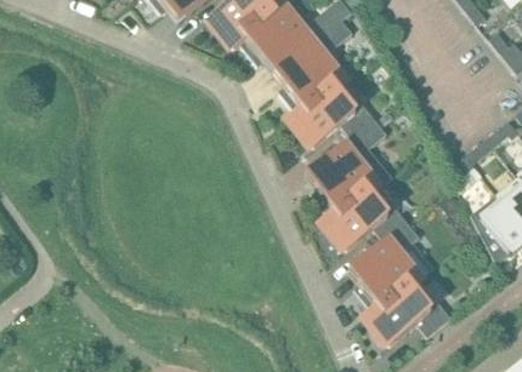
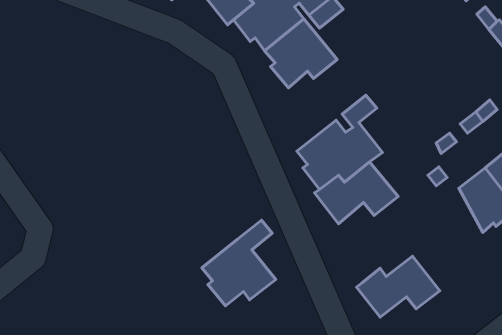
building: [289,80,374,143] -> none
building: [346,219,421,307] -> [202,220,276,306]

